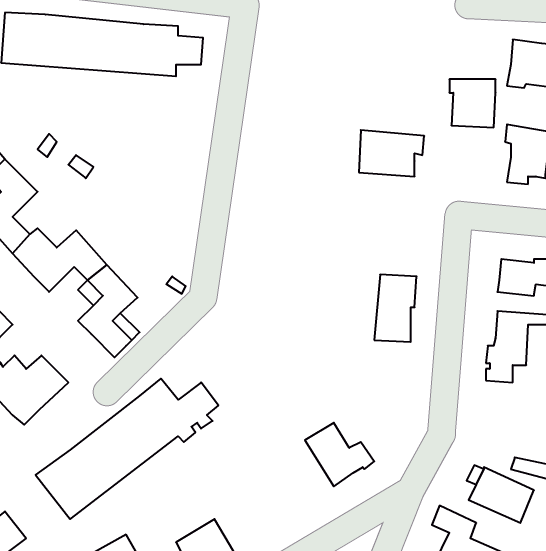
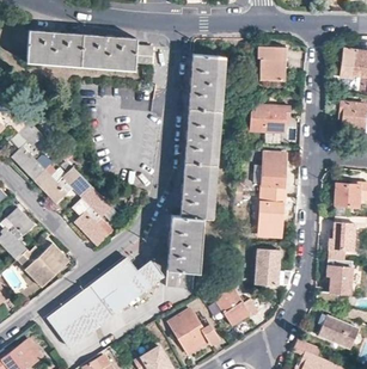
building: none -> [165,55,224,288]
building: [449,79,496,127] -> [257,50,286,80]
building: none -> [262,153,286,195]
building: none -> [256,248,280,285]
building: none -> [326,259,353,293]
building: none -> [169,308,218,352]

